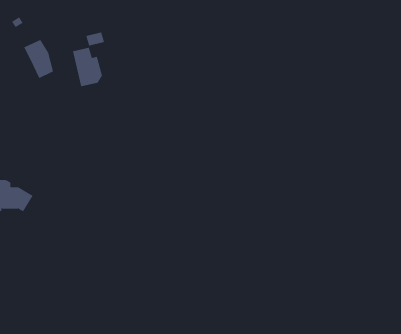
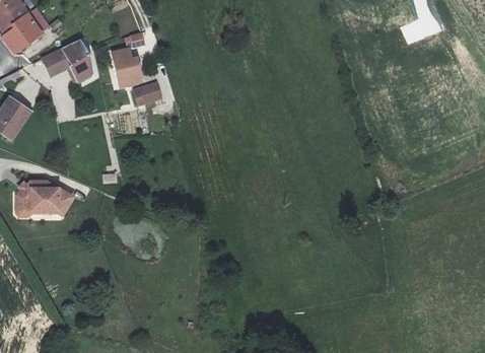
building: none -> [43,49,71,75]
building: none -> [132,82,161,107]

